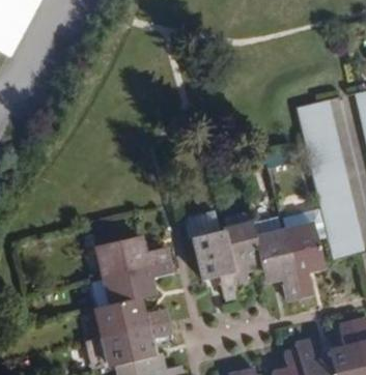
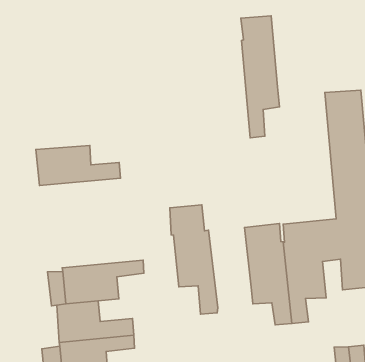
building: none -> [241,16,280,138]
building: [218,217,260,296] -> none
building: [96,243,169,282] -> [36,146,121,186]

